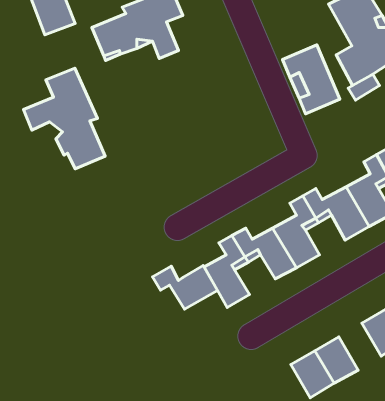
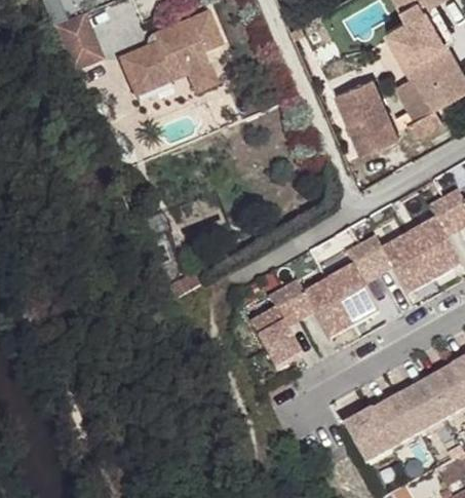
building: [23,68,105,169] -> none
building: [153,265,218,309] -> none
building: none -> [397,385,444,437]

